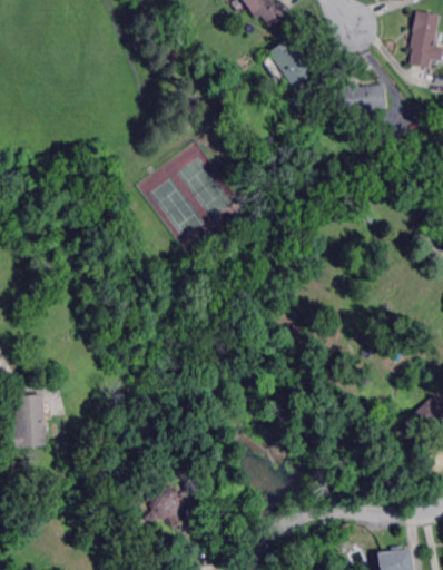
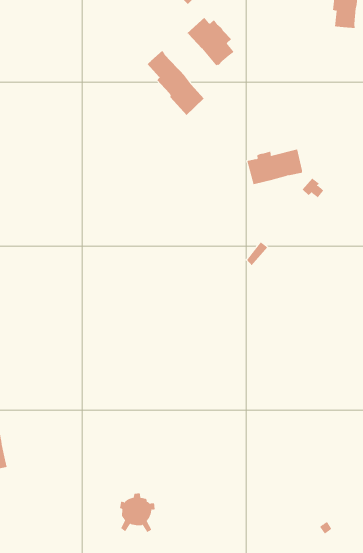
building: none -> [147,50,204,116]
building: [333,86,385,117] -> [247,149,303,186]

